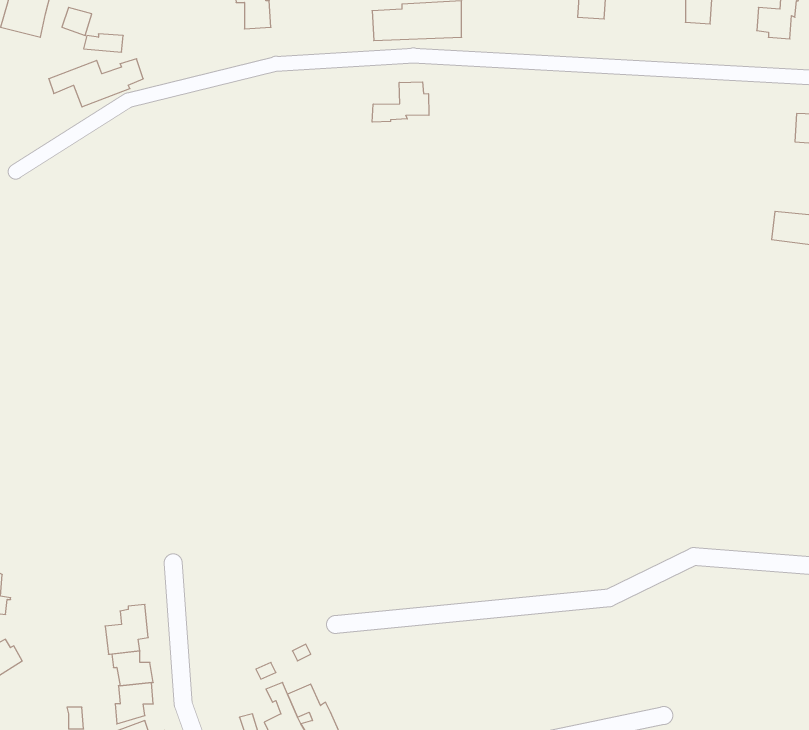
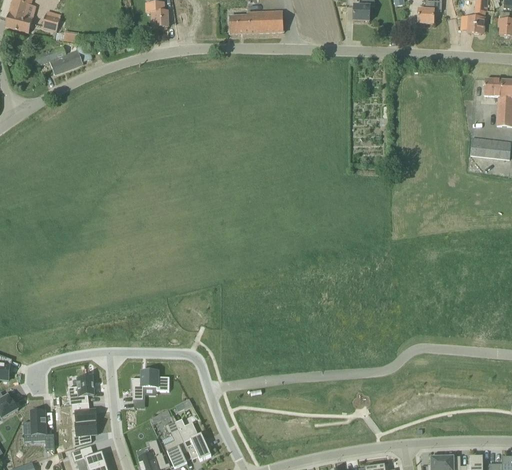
building: [372,82,429,122] -> none
building: none -> [131,370,169,399]
building: none -> [23,409,47,441]

